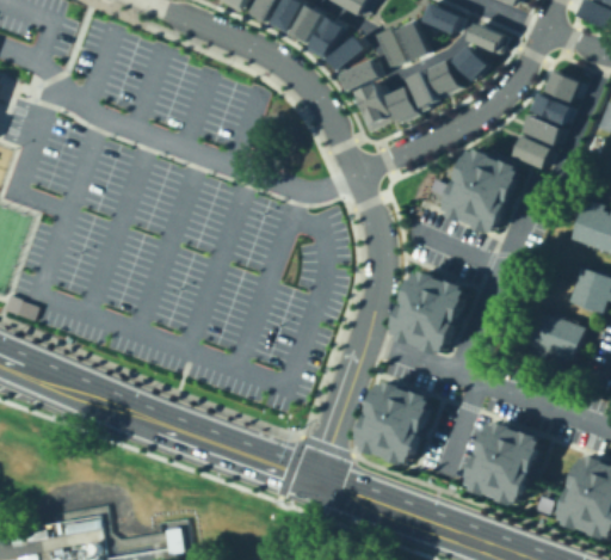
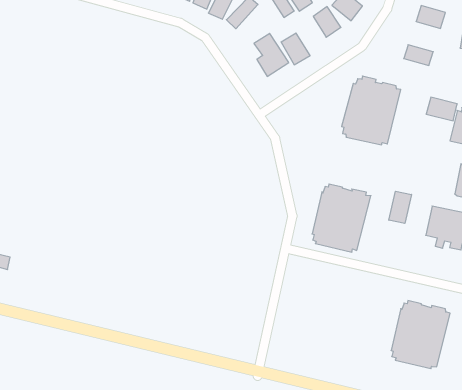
building: [334,59,377,91] -> none
building: [405,69,437,111] -> none
building: [535,97,573,125] -> none
building: [516,139,554,170] -> [426,97,457,121]
building: none -> [389,191,411,223]
building: [356,380,431,463] -> none

